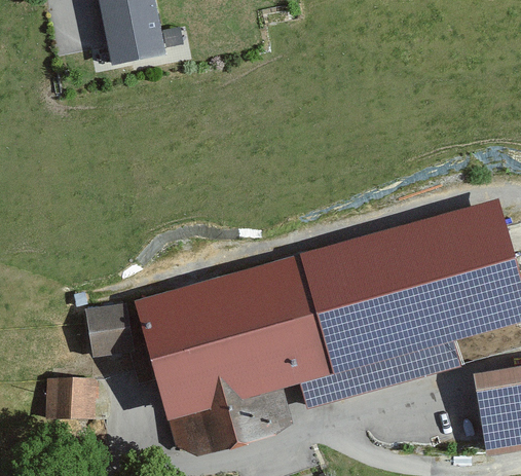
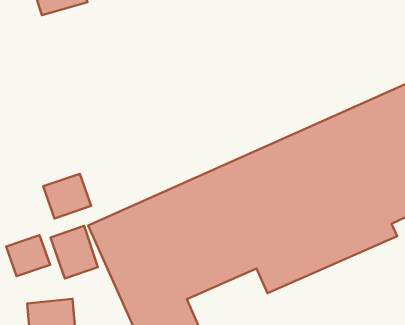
building: none -> [43,174,91,218]
building: none -> [6,235,50,276]

